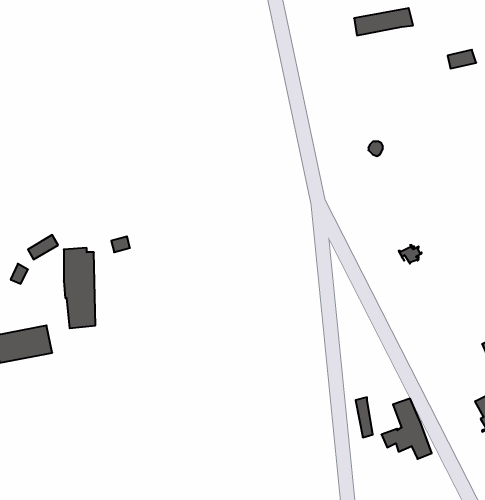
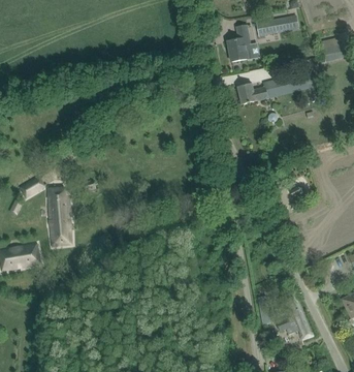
building: none -> [228,25,249,62]
building: none -> [236,70,319,104]

